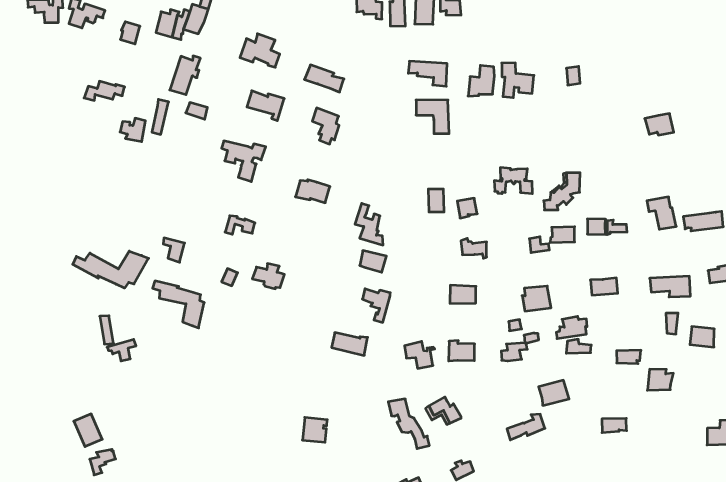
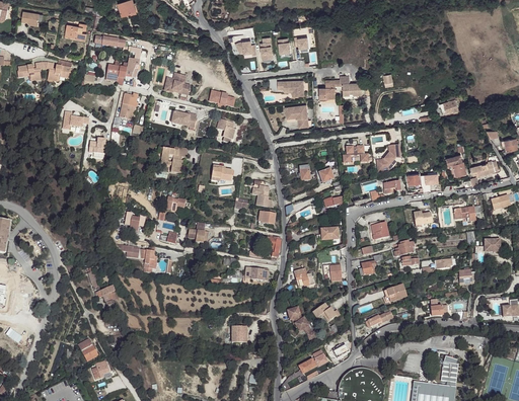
building: [73,251,149,288] -> none

